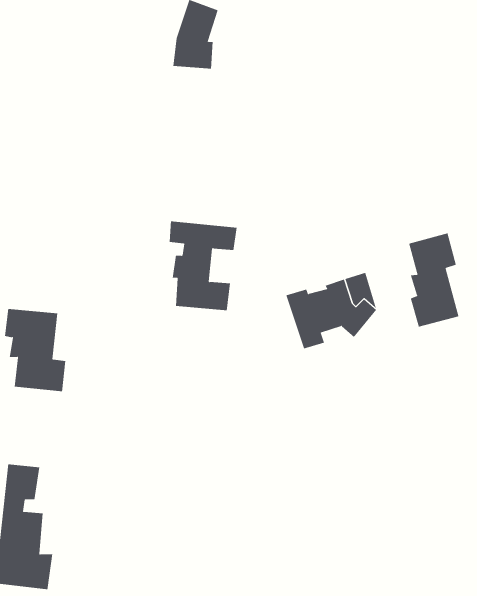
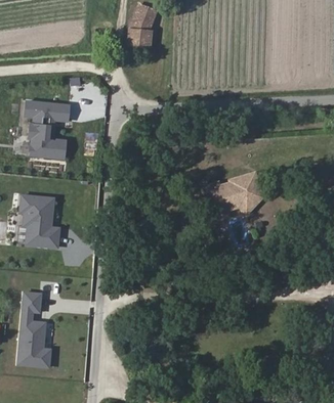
building: [169,221,237,311] -> [28,102,71,159]
building: [408,233,459,327] -> none

